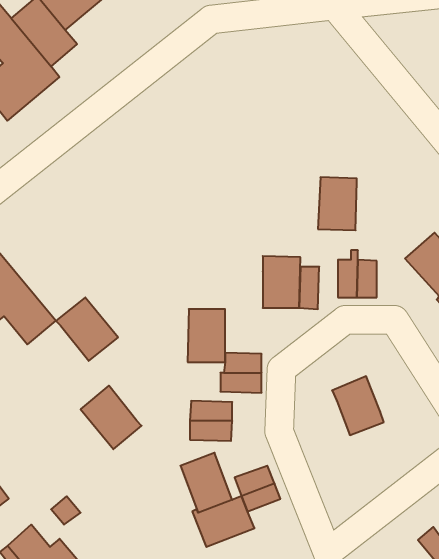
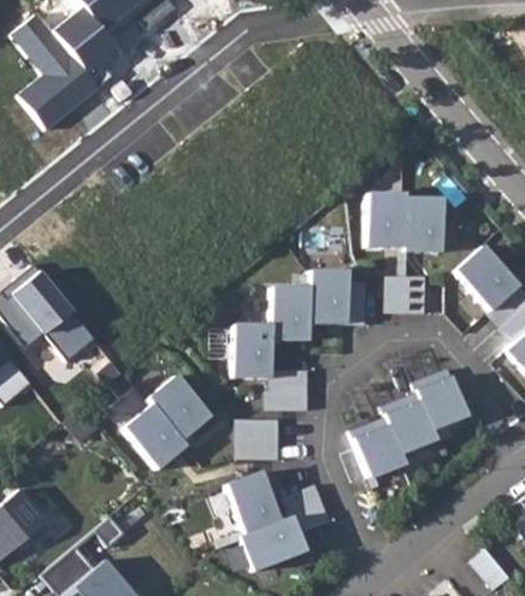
building: none -> [406,195,443,250]
building: none -> [272,287,311,341]
building: [56,297,118,361] -> [148,374,212,439]
building: none -> [413,371,466,430]
building: none -> [350,419,403,478]

